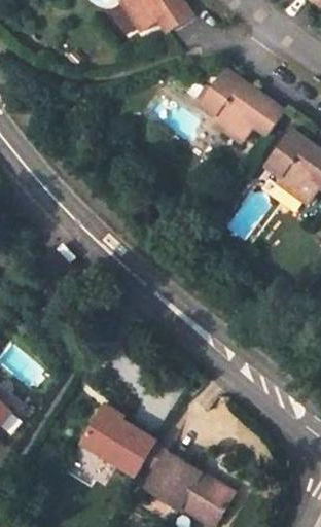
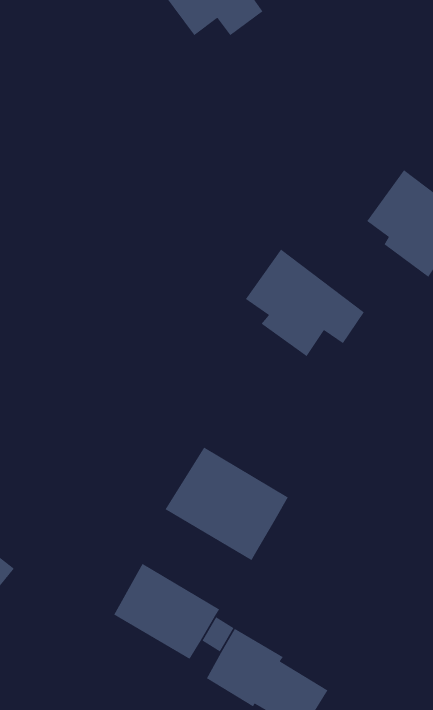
building: [197,66,282,143] -> [245,249,365,357]
building: none -> [164,446,289,561]

